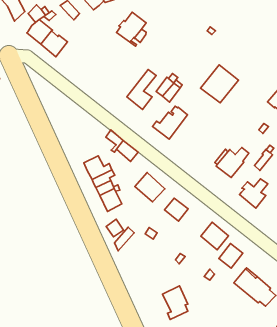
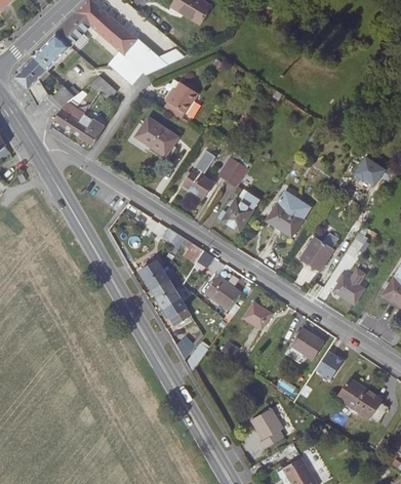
building: none -> [128,117,178,156]
building: [201,65,239,103] -> [266,190,311,236]

